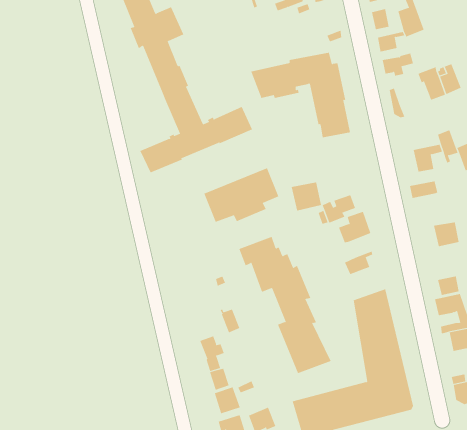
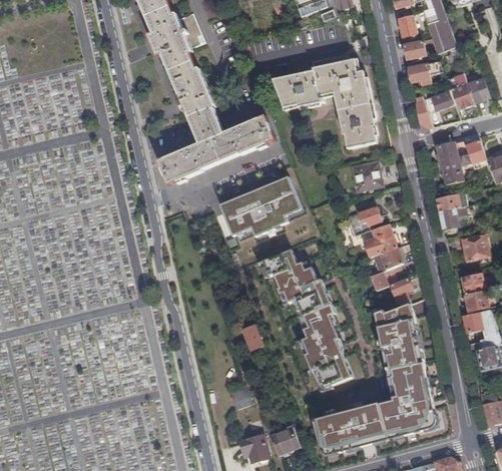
building: none -> [422,90,453,113]
building: none -> [436,139,468,160]
building: [291,182,322,211] -> [351,161,383,191]
building: none -> [439,205,467,229]
building: none -> [374,246,403,272]
building: none -> [461,274,485,295]
building: none -> [390,277,412,307]
building: [200,335,224,372] -> none
building: [214,386,241,414] -> none

